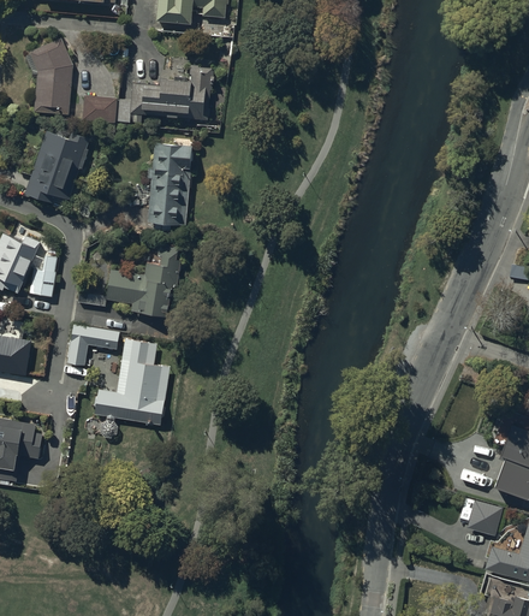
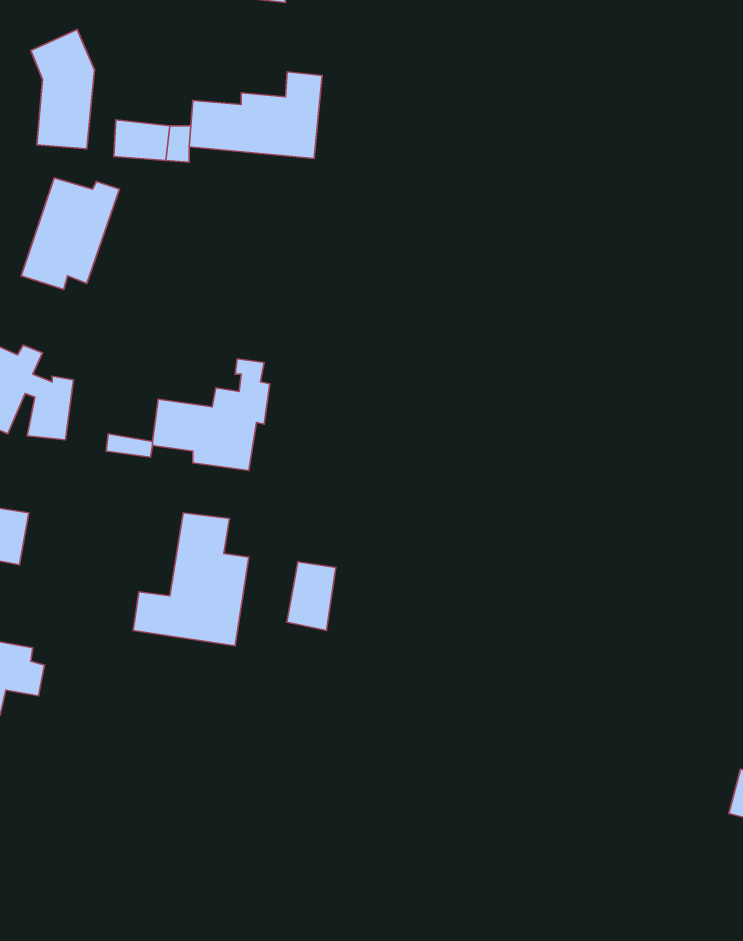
building: [149,143,190,224] -> none
building: [67,325,119,365] -> none
building: none -> [287,562,336,630]

